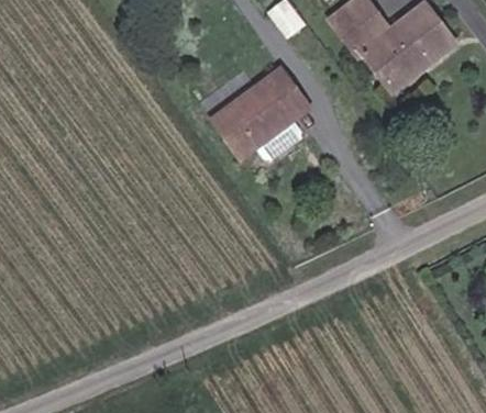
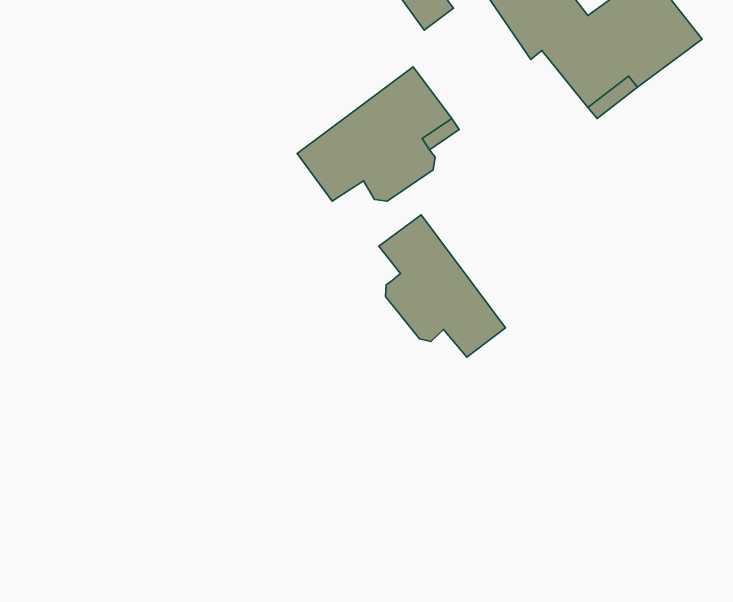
building: none -> [379,215,505,357]

